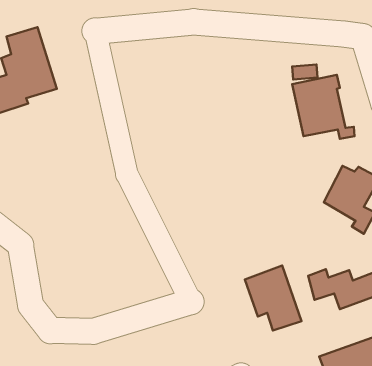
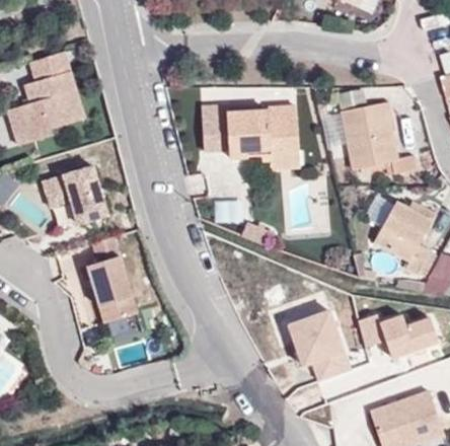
building: none -> [202,105,300,166]
building: none -> [43,165,108,223]
building: none -> [88,235,138,321]

